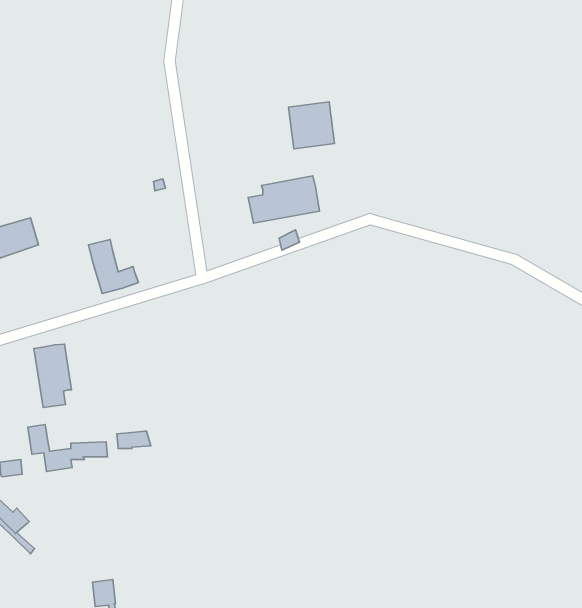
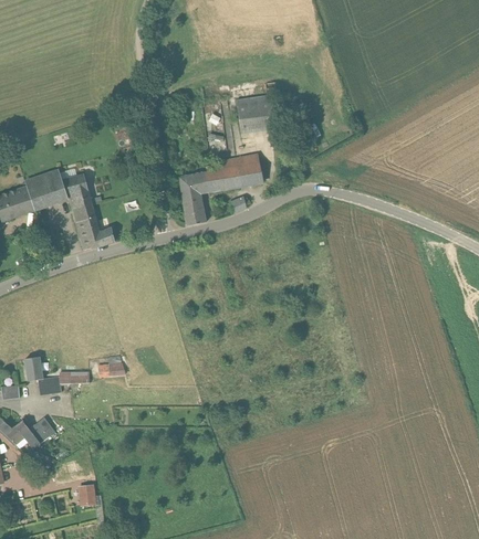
building: none -> [23,171,91,210]
building: none -> [178,171,208,226]
building: [34,344,71,407] -> none
building: none -> [14,418,54,448]

